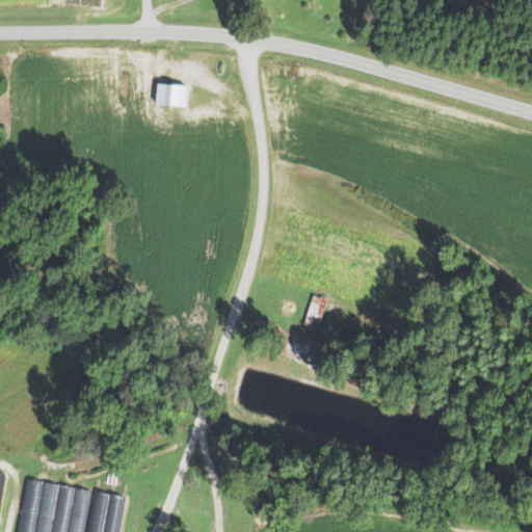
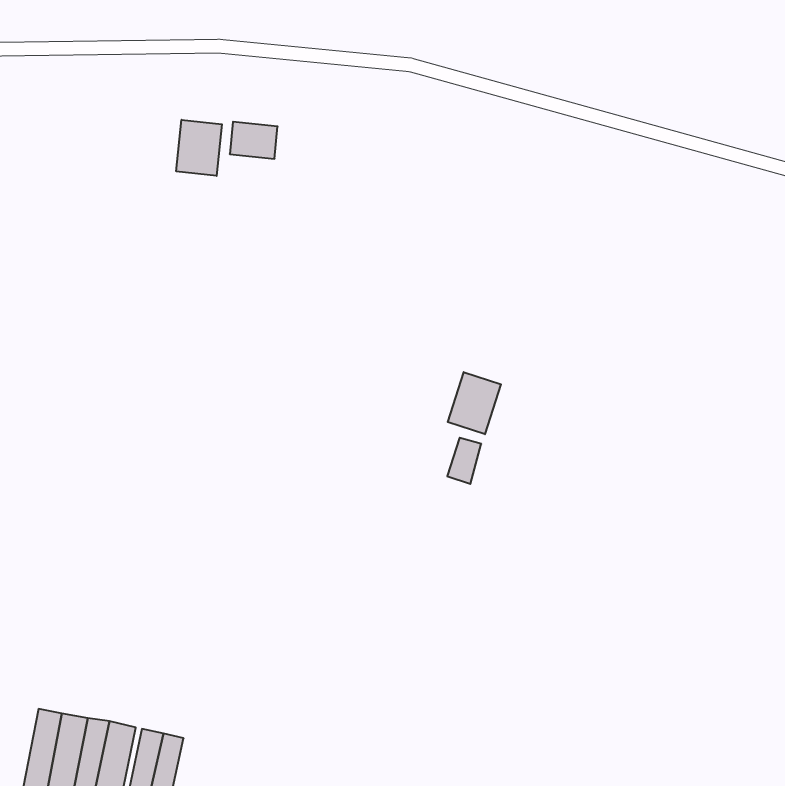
building: none -> [176,120,222,176]
building: none -> [448,372,501,434]

